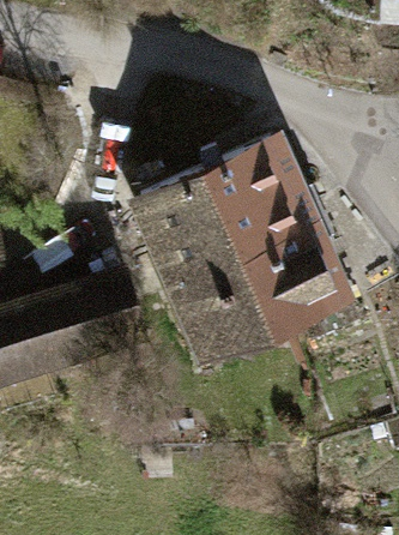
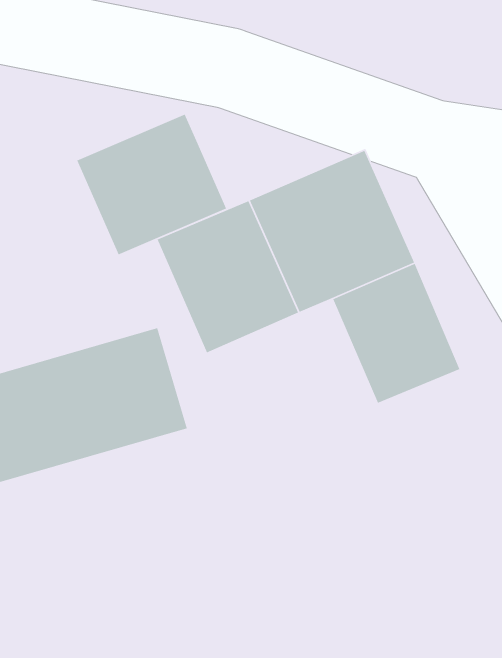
building: none -> [76,114,227,256]
building: [163,246,294,368] -> none

